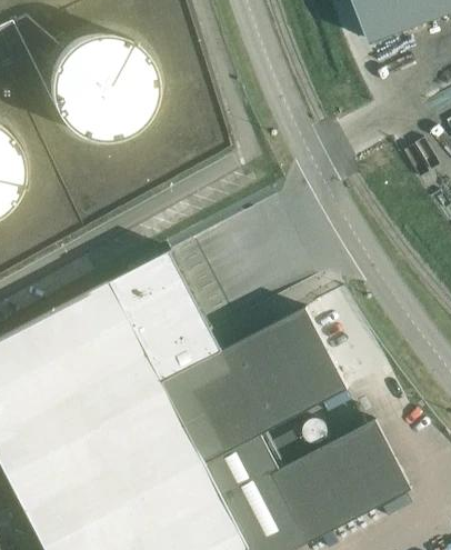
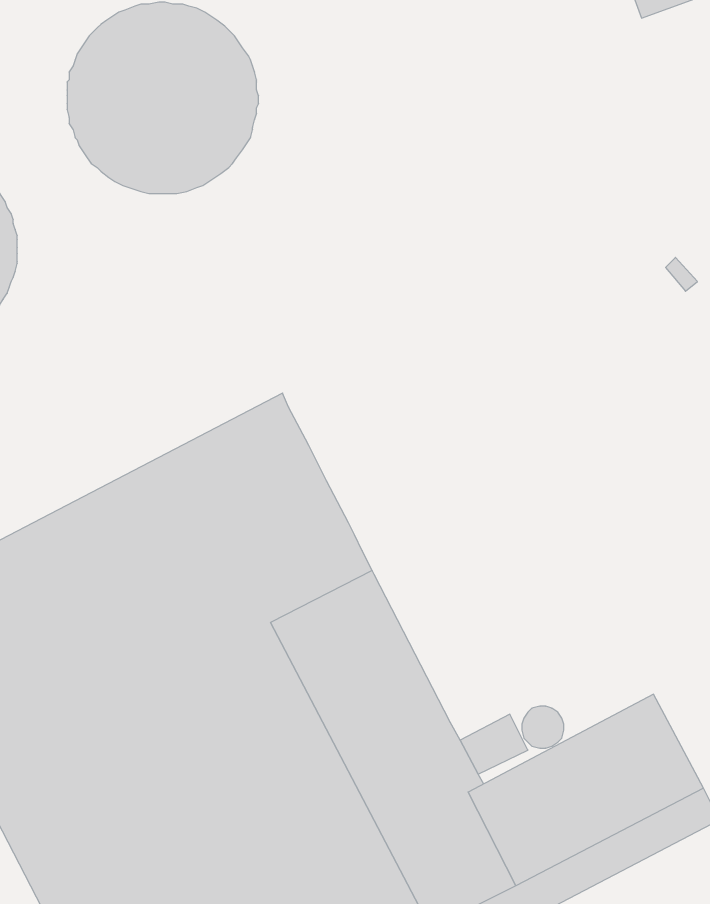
building: [220,308,348,434] -> none

